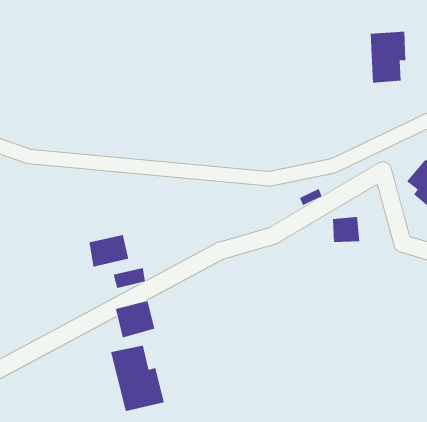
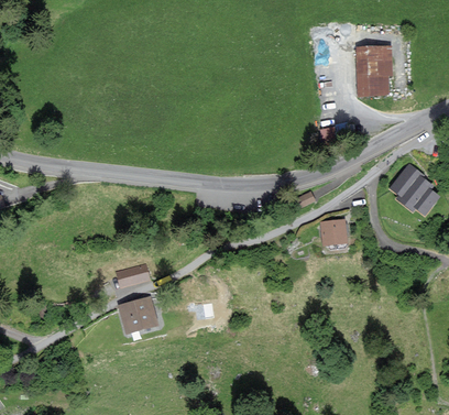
building: [89,234,129,268] -> none
building: [110,345,165,412] -> none

